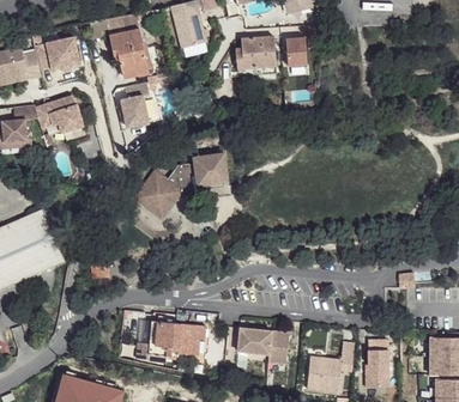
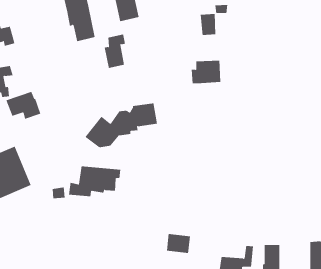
building: [235,37,274,68] -> [191,60,221,84]
building: [35,38,79,71] -> none
building: [120,81,149,127] -> [104,34,126,69]
building: [40,93,86,130] -> [5,91,41,119]
building: [144,317,213,358] -> [68,166,121,197]
building: [268,329,290,361] -> none

